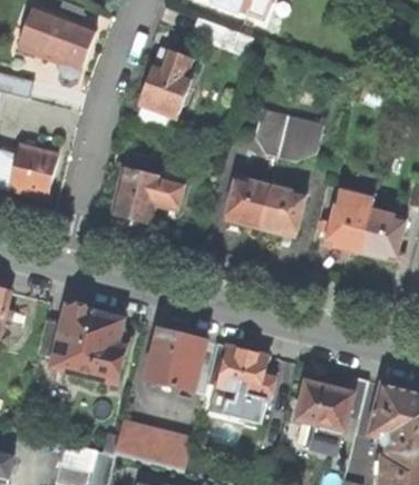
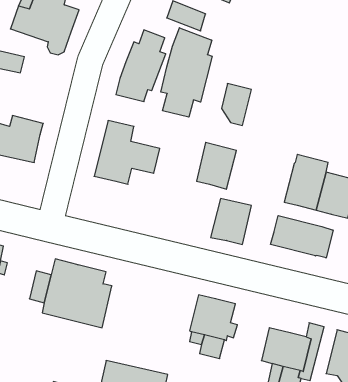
building: none -> [161,28,212,117]
building: [276,116,321,160] -> none
building: [259,184,304,235] -> [211,199,251,244]
building: none -> [271,216,333,258]
building: [147,327,207,390] -> none

